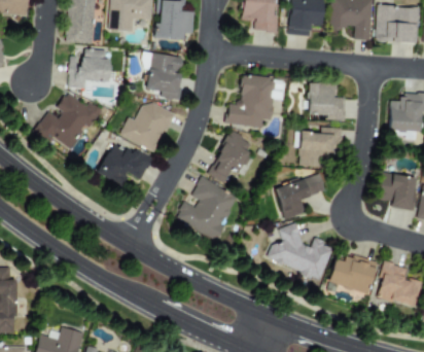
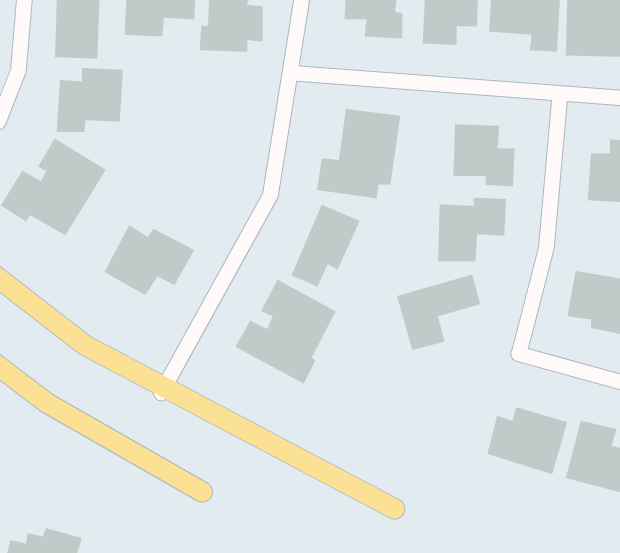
building: [142,52,183,101] -> none
building: [119,100,174,152] -> none
building: [267,223,332,281] -> none

